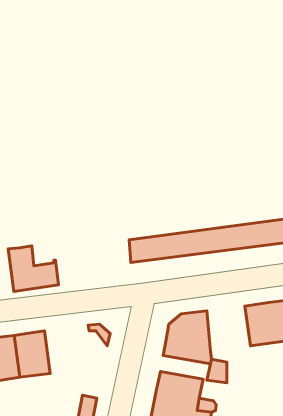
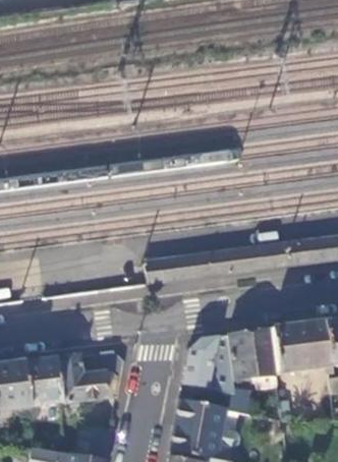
building: [8,246,58,291] -> [56,353,110,402]
building: none -> [230,330,277,379]

